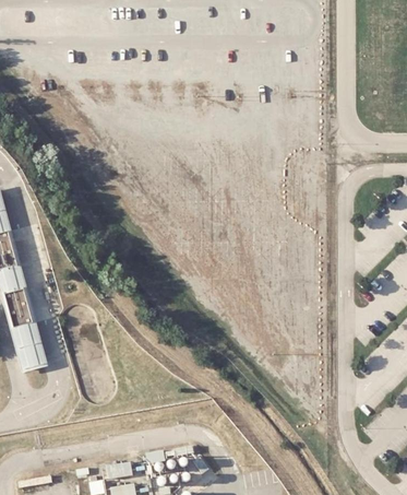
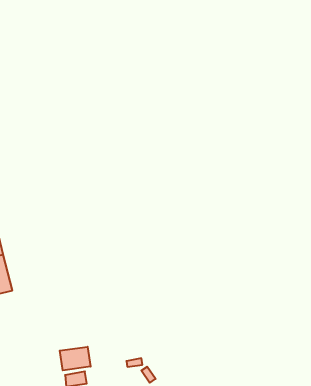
building: none -> [60,347,91,370]

